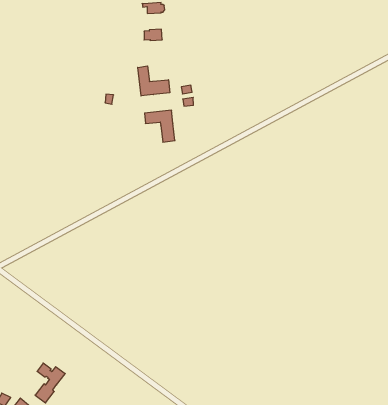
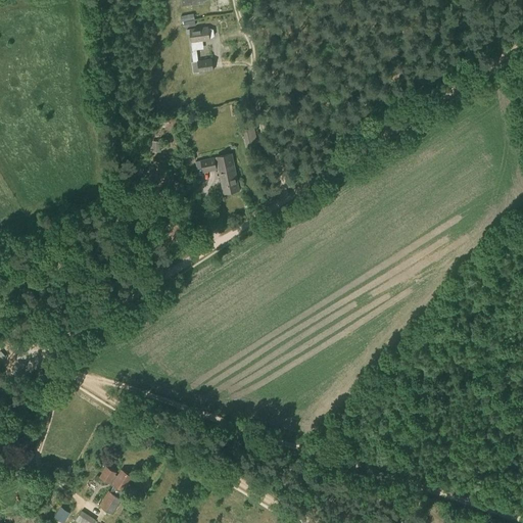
building: [138,66,170,96] -> none

